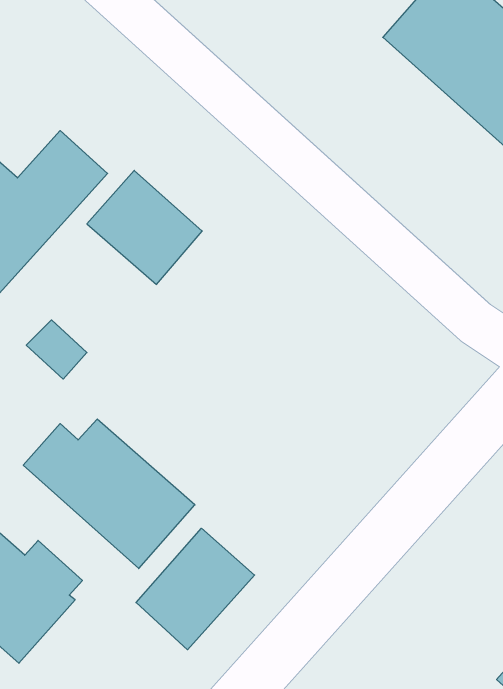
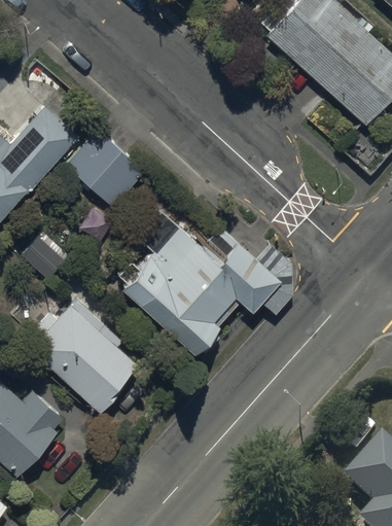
building: none -> [124,214,279,351]
building: [136,528,255,650] -> none

